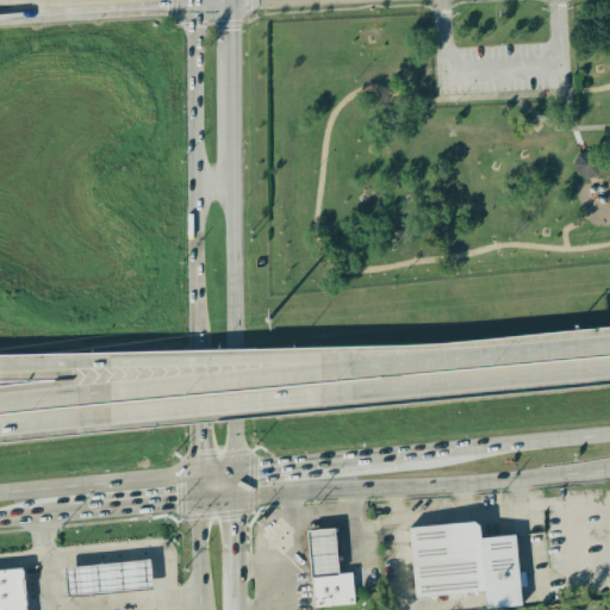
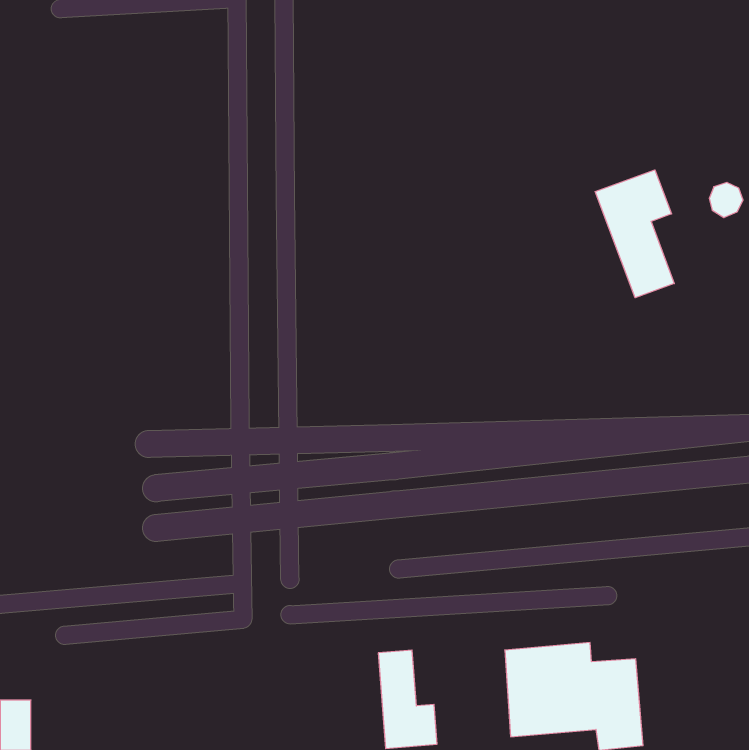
building: none -> [595,170,674,298]
building: [67,560,155,595] -> none

